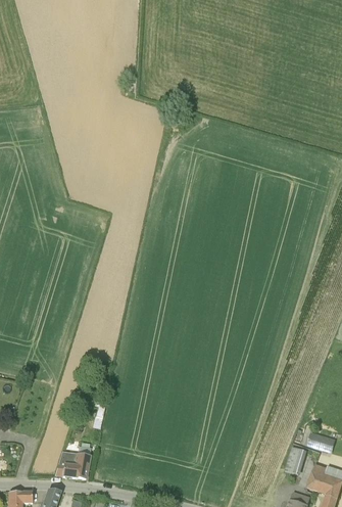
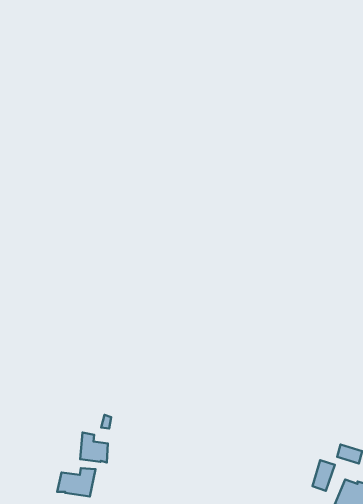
building: none -> [80,432,108,463]

